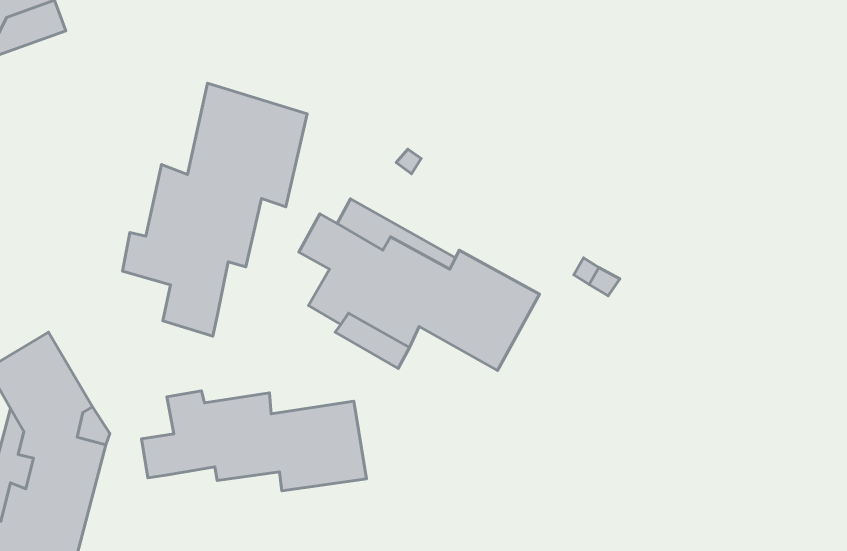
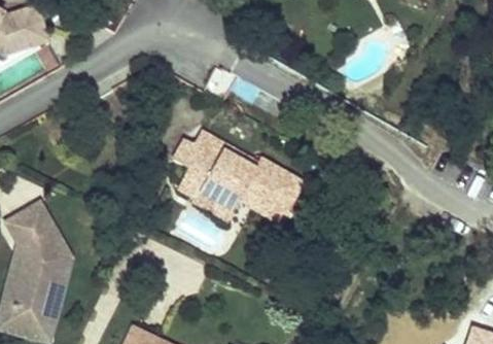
building: [122,83,307,336] -> none
building: [142,391,366,491] -> none

